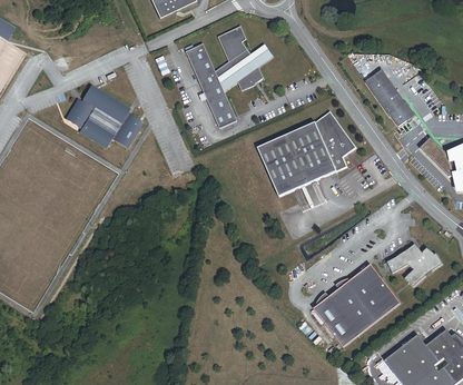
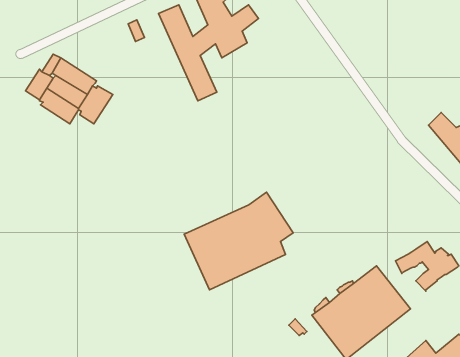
building: [364,67,415,127] -> none
building: [255,108,351,194] -> [184,192,293,290]

